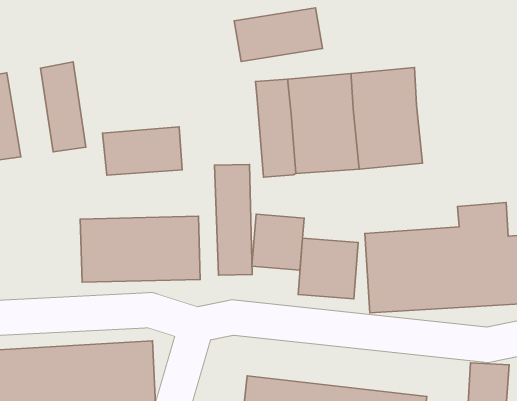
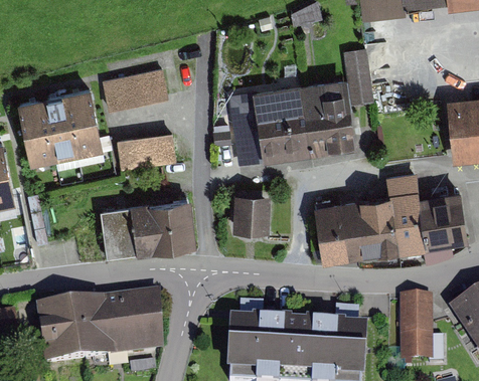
building: [234,8,322,61] -> [101,68,168,112]
building: none -> [342,48,373,106]
building: none -> [40,93,78,161]
building: [215,164,252,275] -> none
building: [298,238,358,299] -> none

